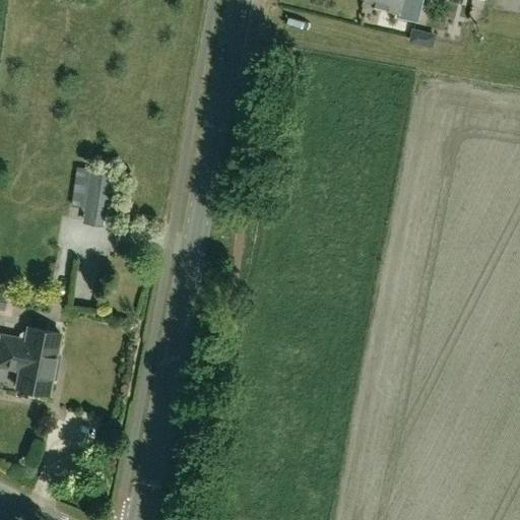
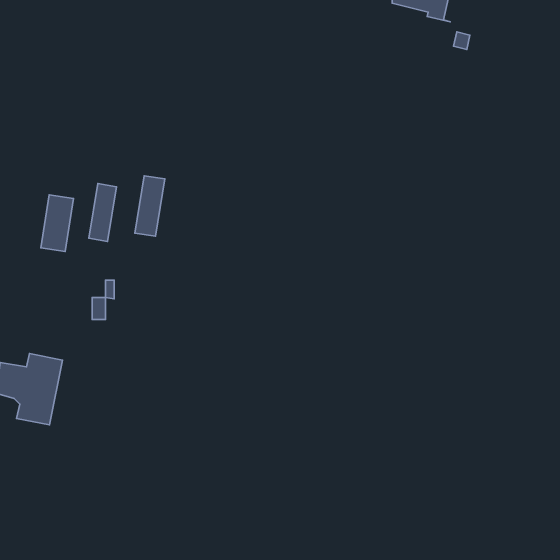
building: none -> [135,176,165,236]
building: none -> [41,195,74,252]

